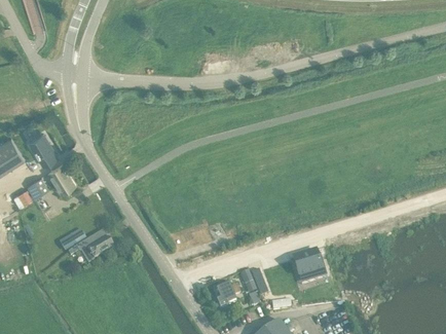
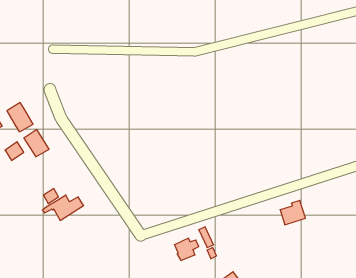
building: [294,251,322,277] -> [280,200,305,225]

